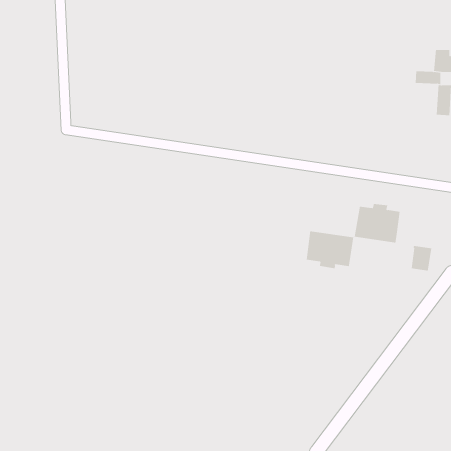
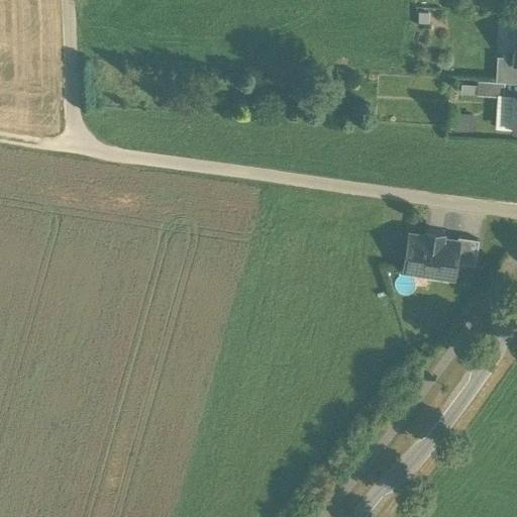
building: [306,230,354,269] -> none
building: [411,245,432,271] -> [455,239,480,269]

